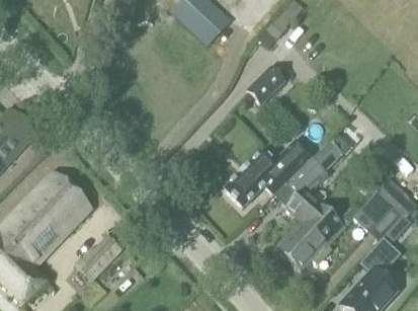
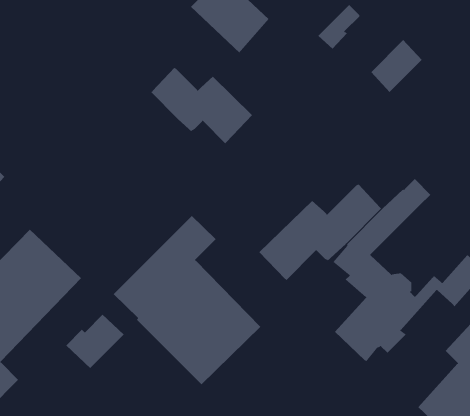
building: none -> [151,67,253,144]
building: [247,64,285,103] -> [370,39,422,93]
building: none -> [113,215,261,385]

